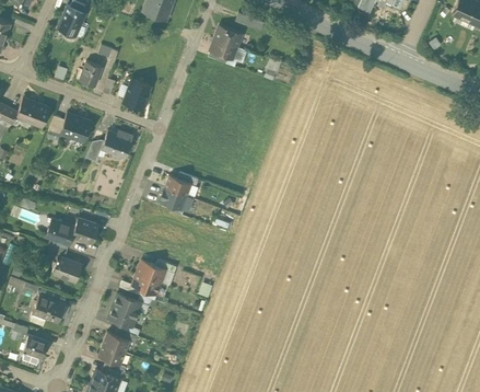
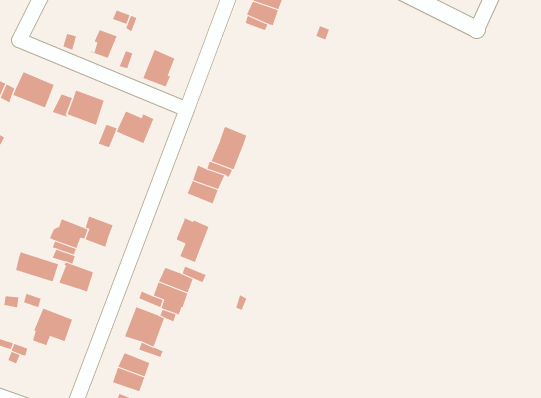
building: none -> [211,126,247,170]
building: none -> [176,217,209,263]
building: none -> [16,252,59,282]
building: [23,336,47,365] -> none

